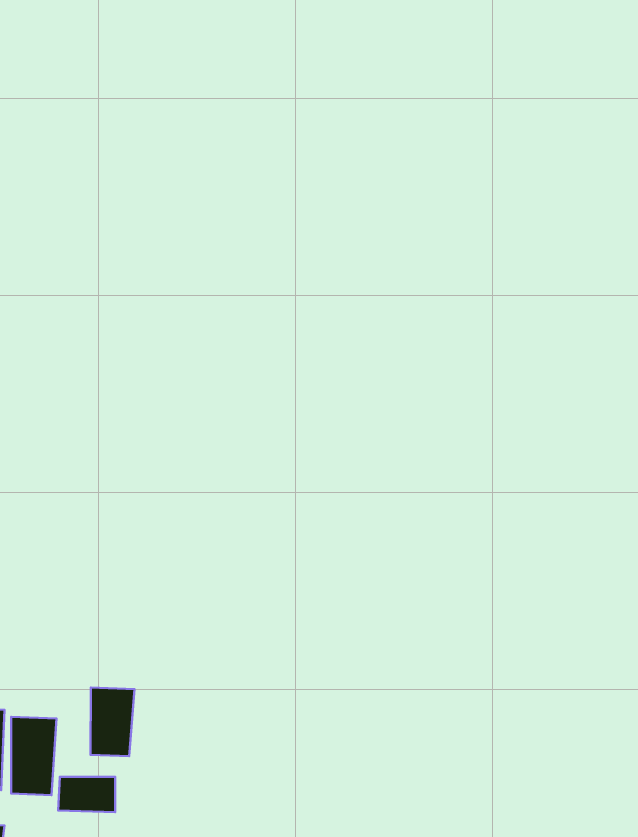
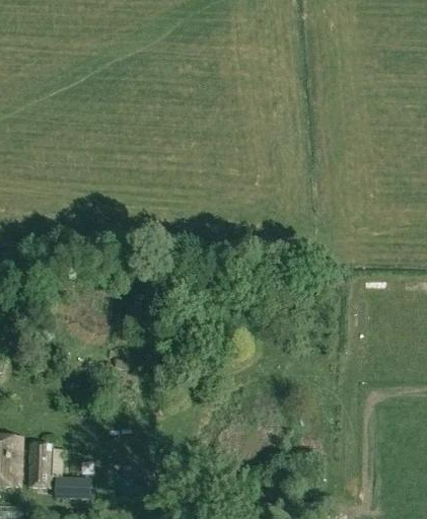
building: [90,688,134,756] -> none

